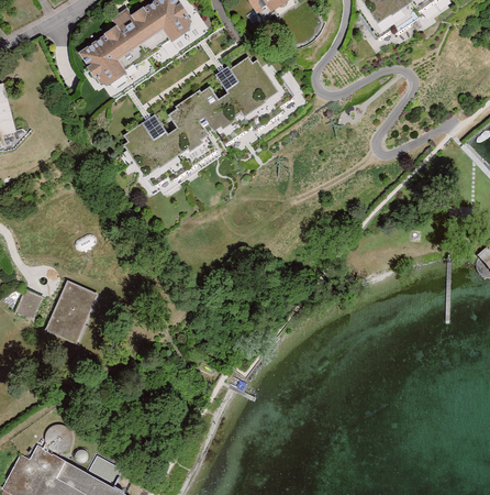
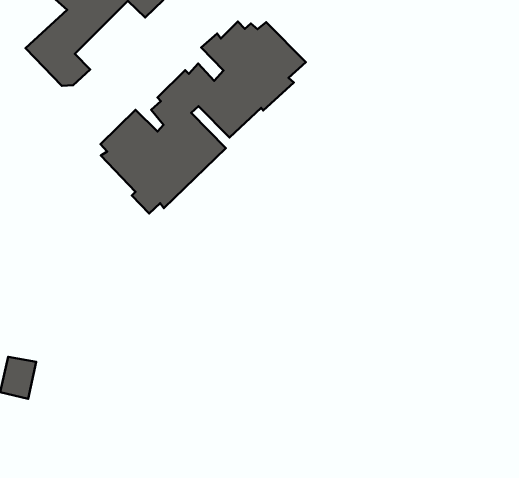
building: [45,278,99,343] -> none

